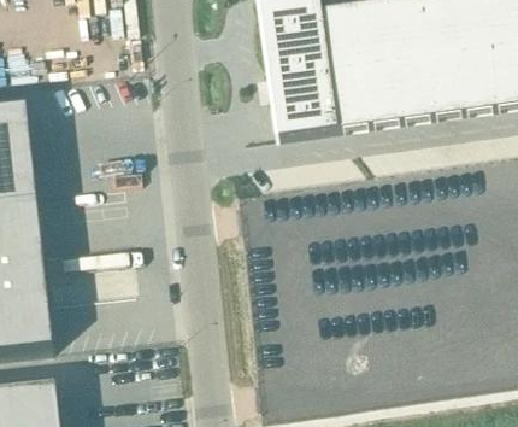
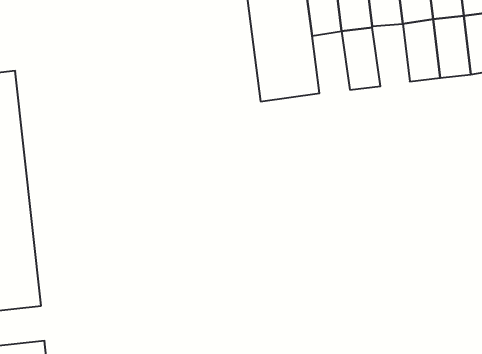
building: [390,54,429,118] -> none
building: [329,62,367,125] -> none

